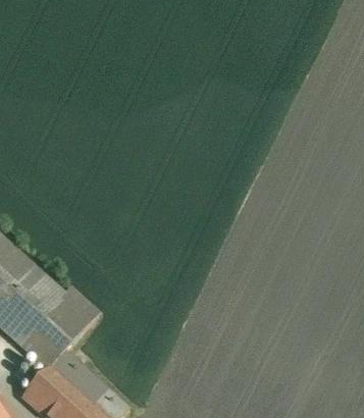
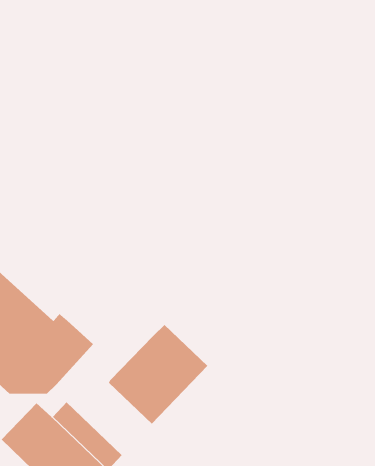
building: none -> [108,324,208,425]

